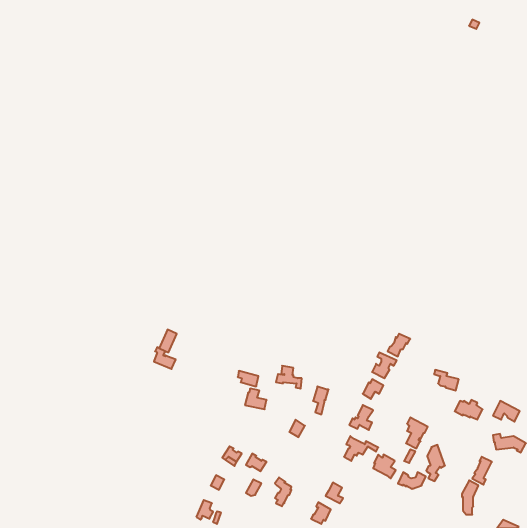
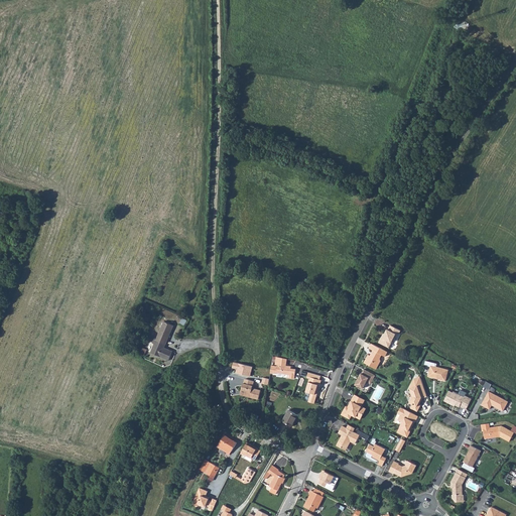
building: [426,445,445,481] -> [408,376,426,411]

